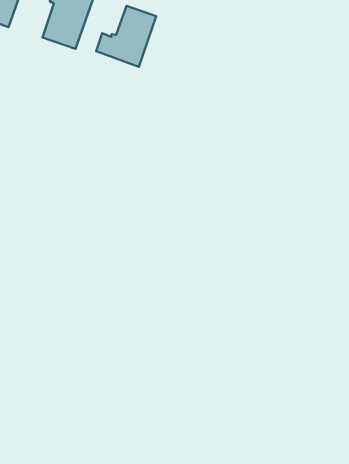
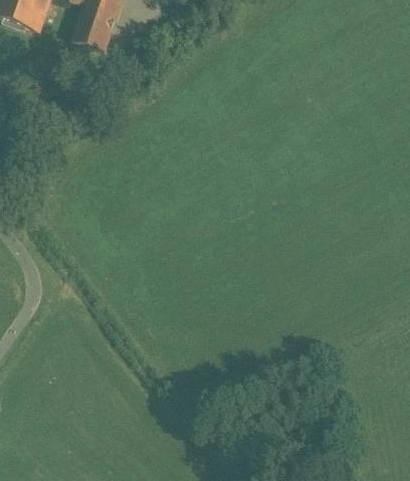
building: [96,6,156,67] -> none

